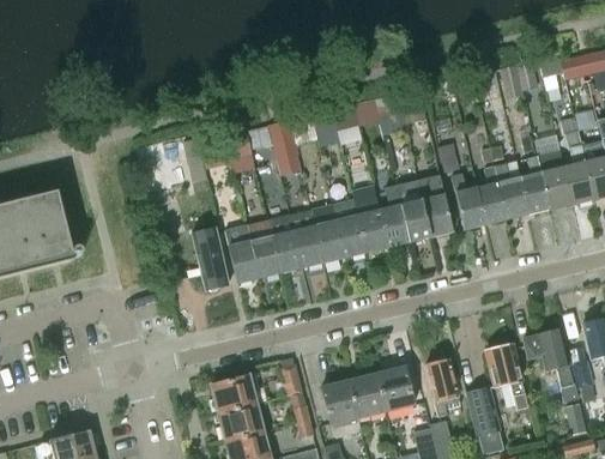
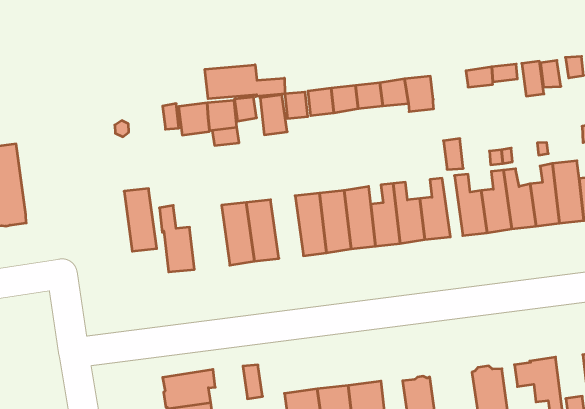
building: none -> [205,65,285,99]
building: [289,210,323,267] -> none
building: [224,225,259,283] -> [124,189,157,251]

